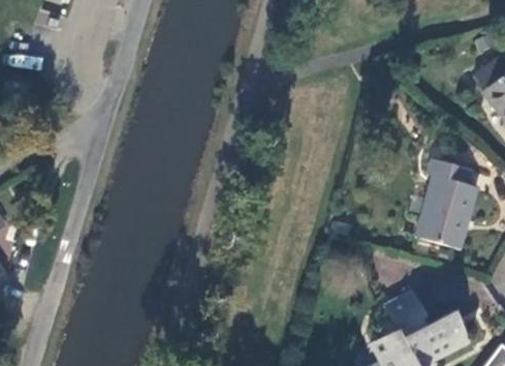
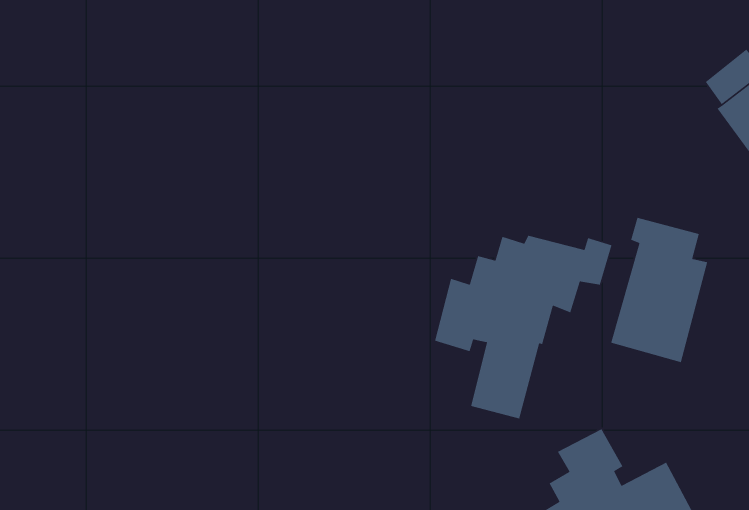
building: none -> [434,235,613,420]

